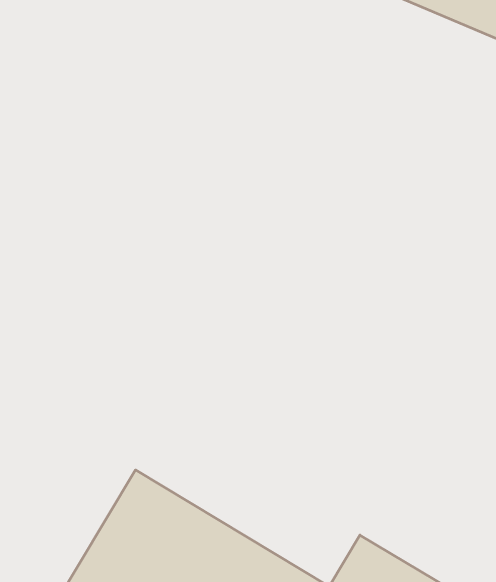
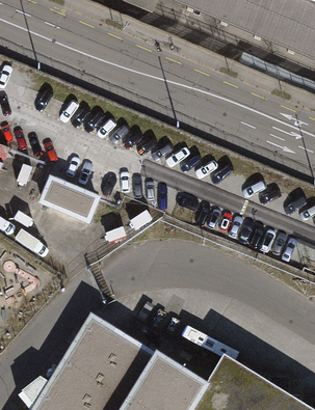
building: none -> [43,179,98,220]

